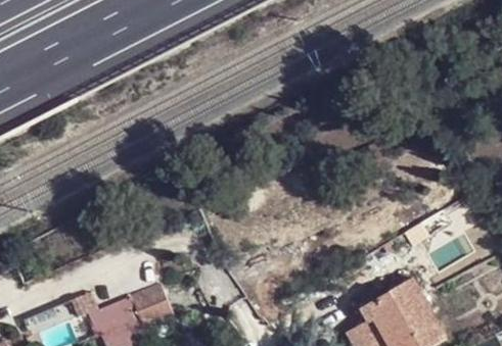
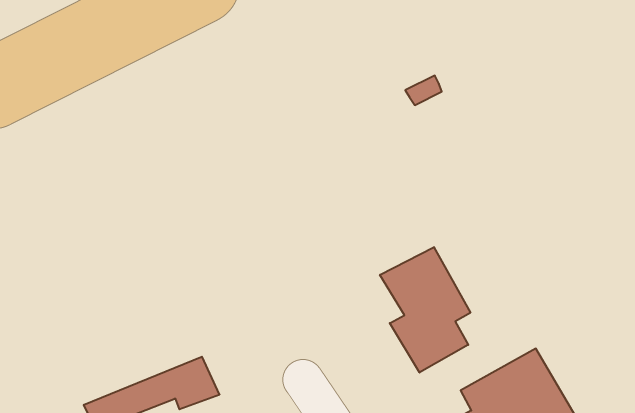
building: none -> [380,247,470,373]

